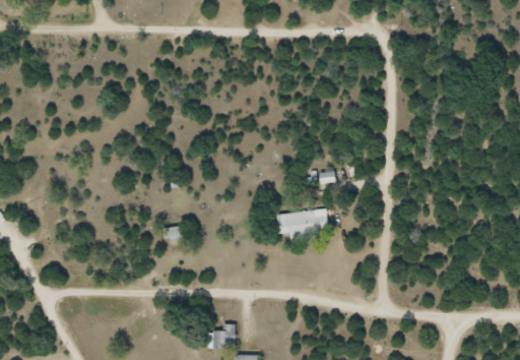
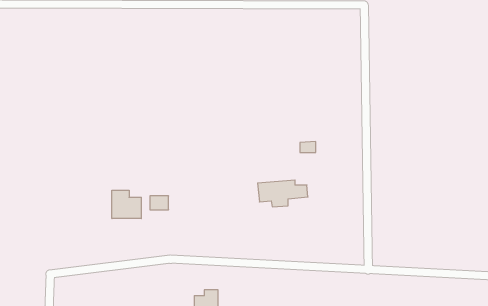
building: none -> [112,190,141,219]

